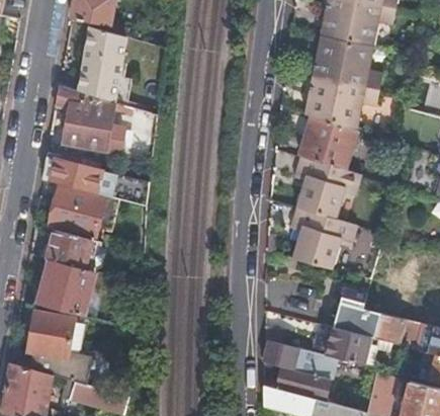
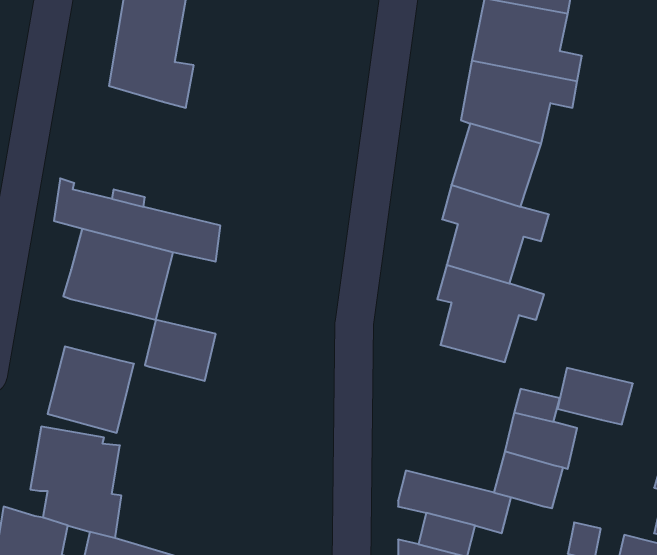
building: [55,86,121,152] -> none
building: [47,230,92,269] -> [145,320,216,381]
building: [373,313,422,349] -> [557,368,633,424]

